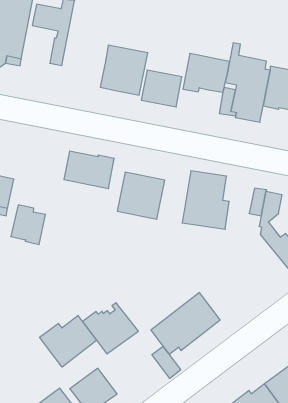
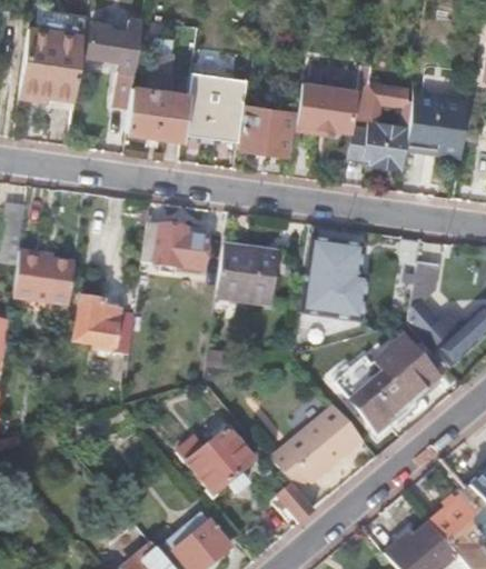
building: none -> [128,51,189,138]
building: none -> [337,336,439,429]
building: [40,315,97,367] -> none

